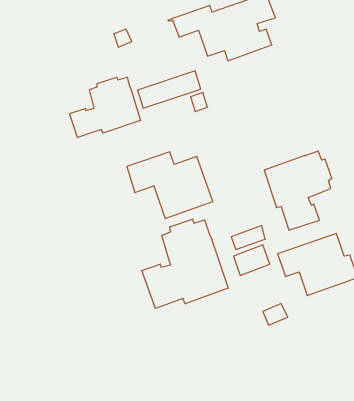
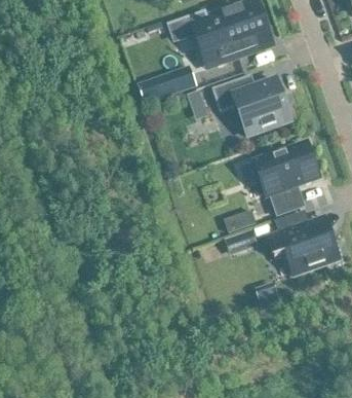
building: [69,77,140,138] -> none
building: [127,152,213,219] -> [212,75,290,136]
building: [142,219,228,308] -> none

